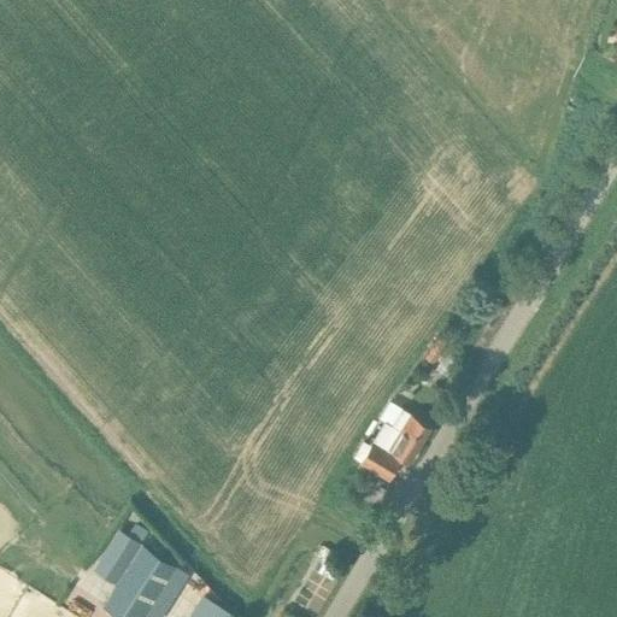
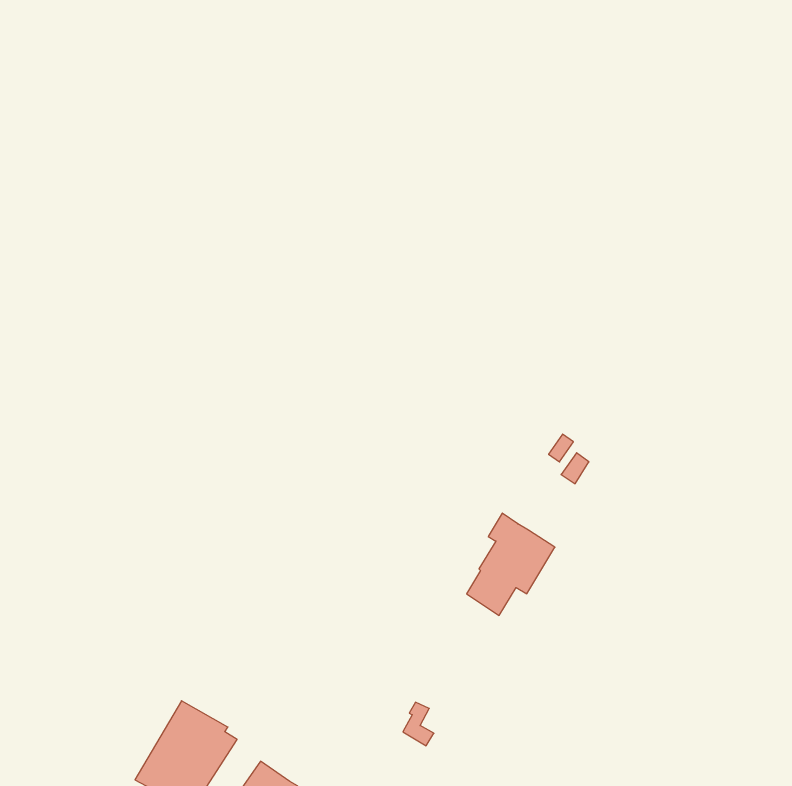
building: [93,533,142,588] -> none

